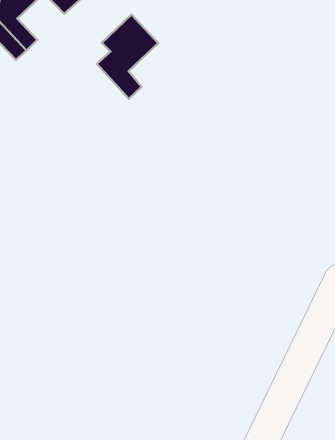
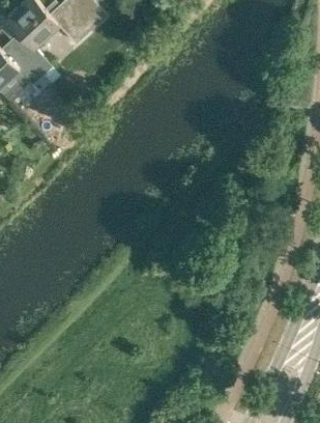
building: [97,15,158,99] -> none

